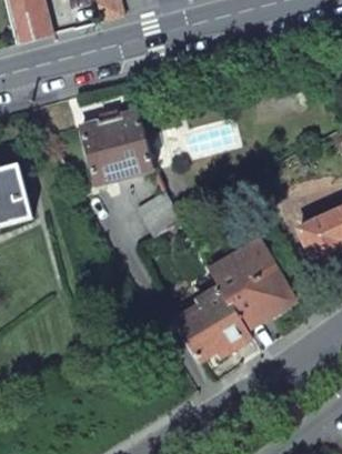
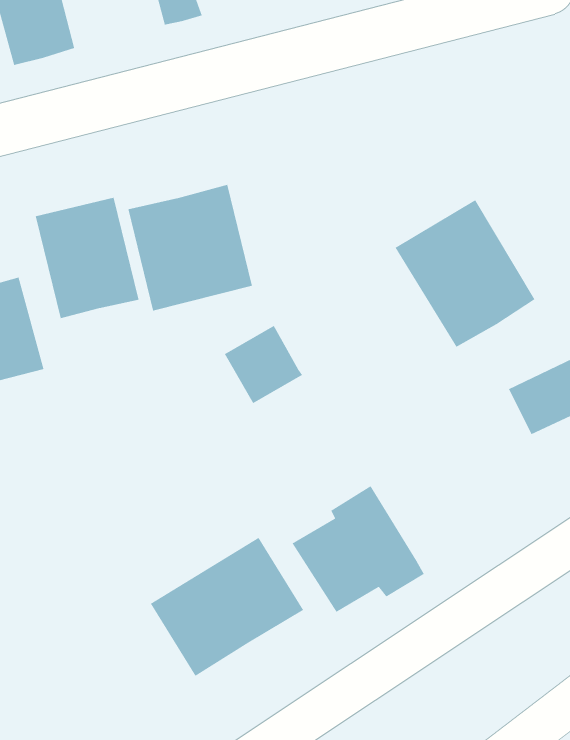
building: none -> [35,197,140,319]
building: [211,241,292,326] -> [394,199,535,348]
building: none -> [150,537,304,677]

